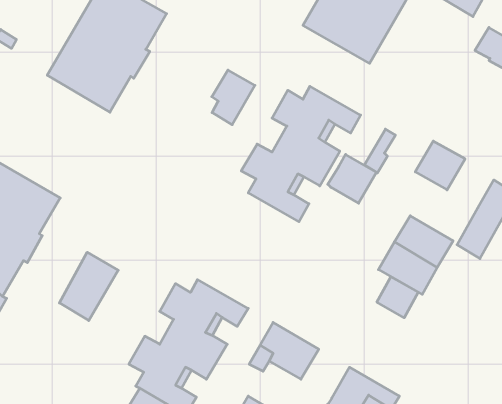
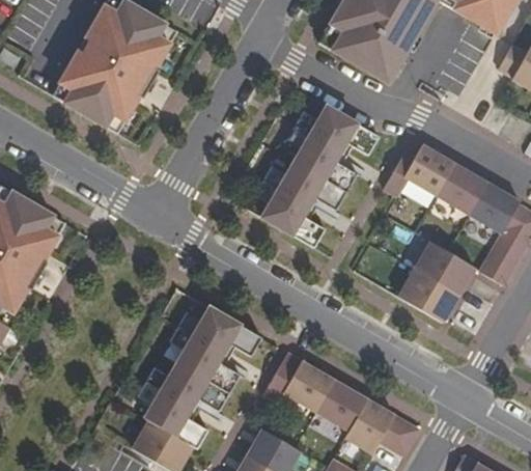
building: [212,70,255,125] -> none
building: [328,154,376,203] -> [403,144,454,195]
building: none -> [469,182,520,232]
building: [59,252,118,321] -> none
building: [377,277,418,318] -> none
building: none -> [316,380,367,431]

